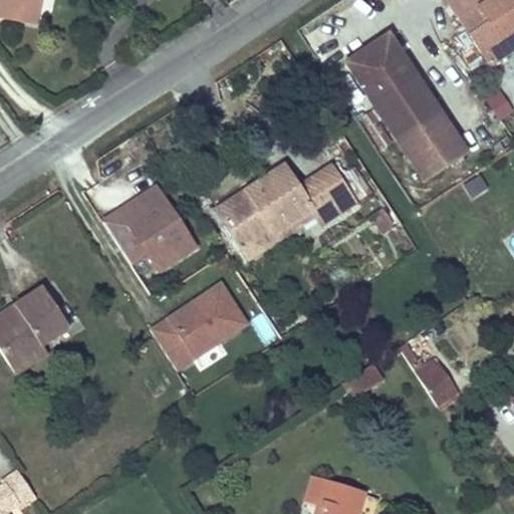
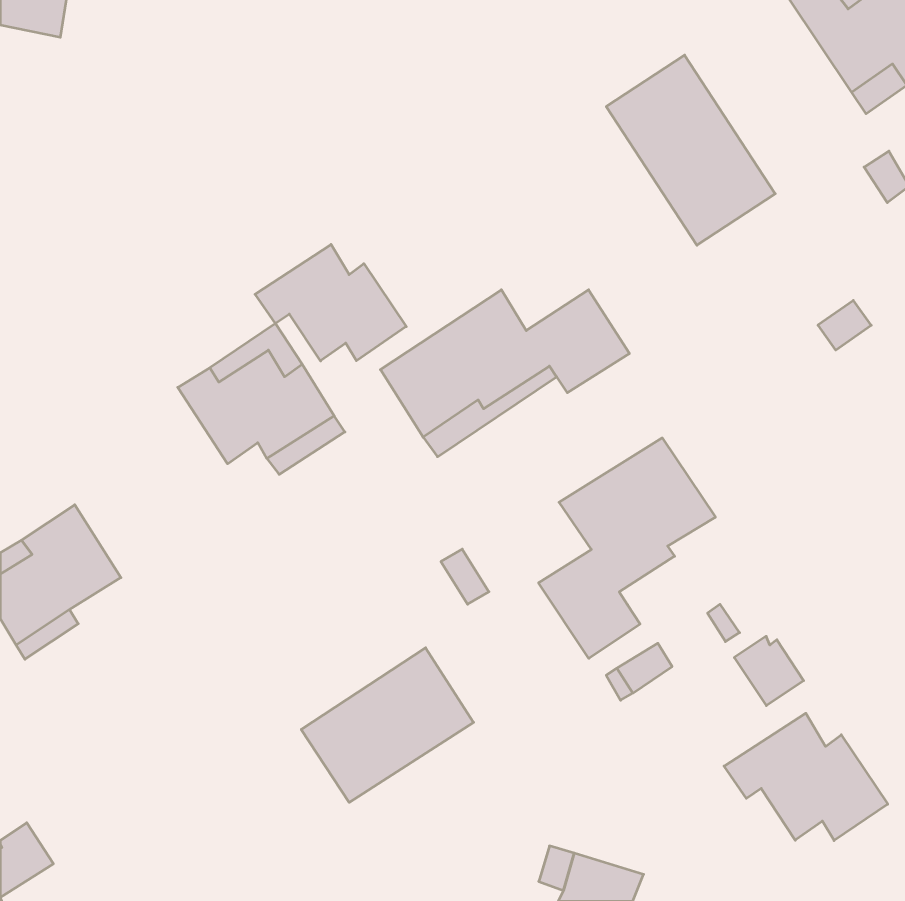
building: [396,109,470,184] -> none
building: none -> [255,244,406,361]
building: none -> [539,438,715,658]
building: [150,281,247,368] -> [301,648,474,802]
building: none -> [724,713,888,841]

